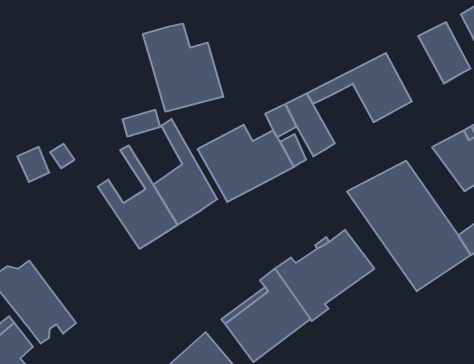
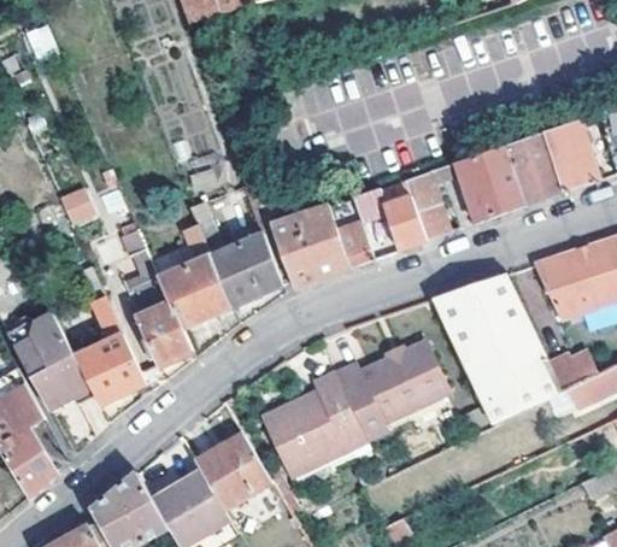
building: [143,24,223,112] -> none
building: none -> [503,133,563,206]
building: none -> [409,183,449,240]
building: none -> [114,245,194,365]
building: none -> [72,264,146,404]

